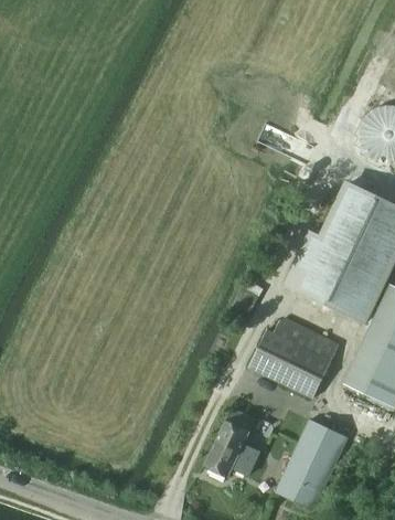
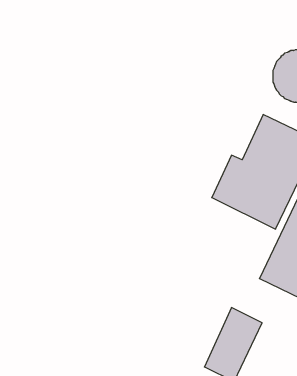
building: [248,320,335,397] -> none
building: [204,408,259,476] -> none

